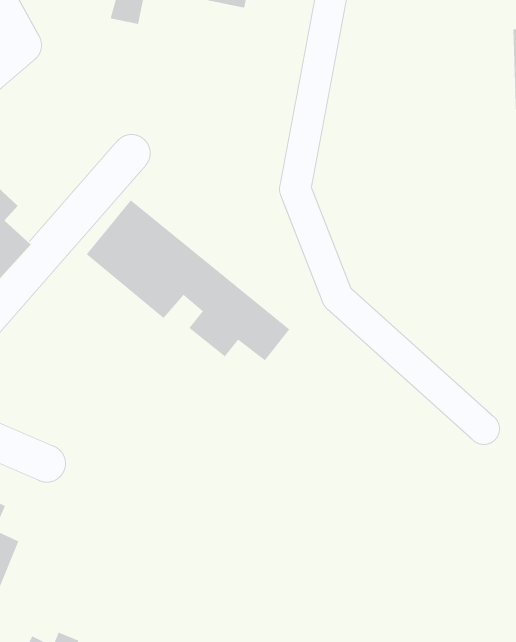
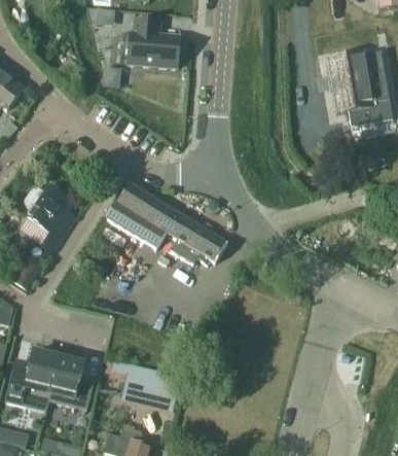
building: none -> [122,363,179,407]

